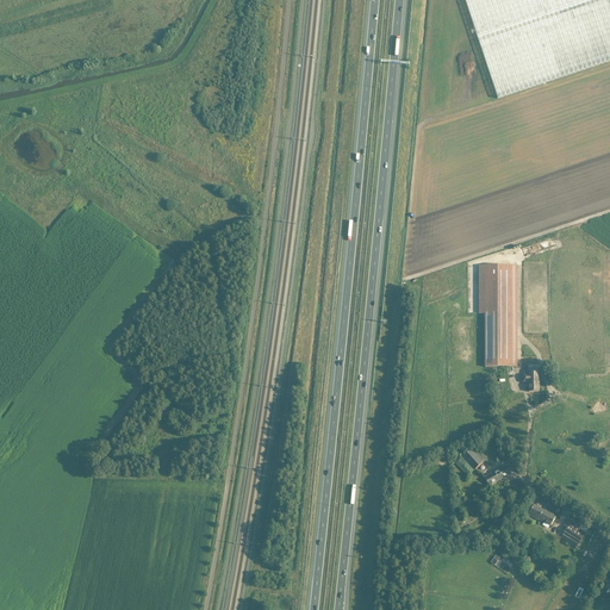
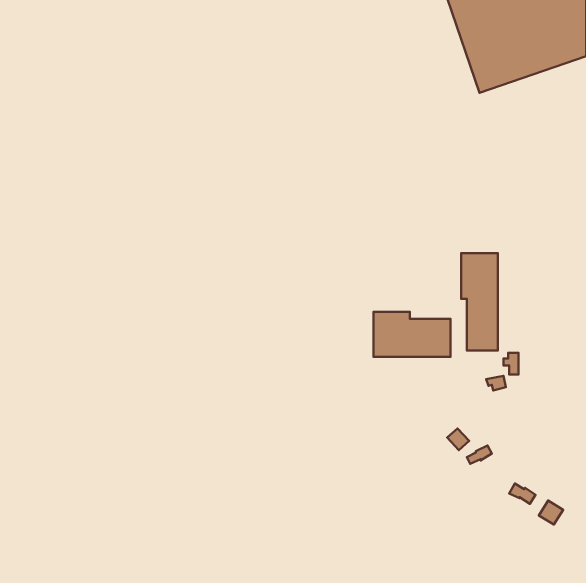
building: none -> [373,312,450,357]

